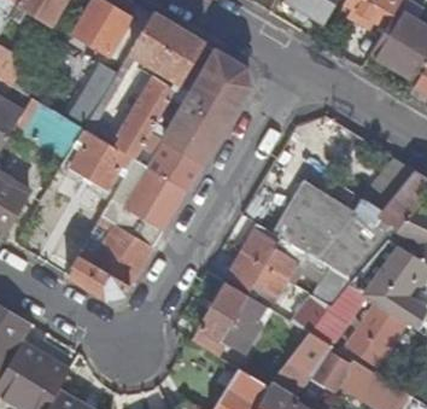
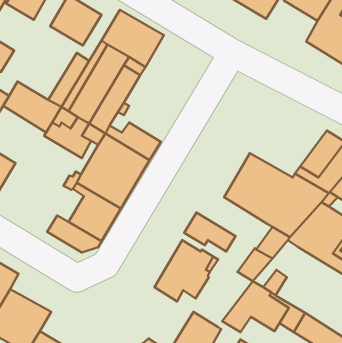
building: [162,51,248,165] -> none
building: [241,224,324,280] -> none
building: [345,303,404,364] -> none

